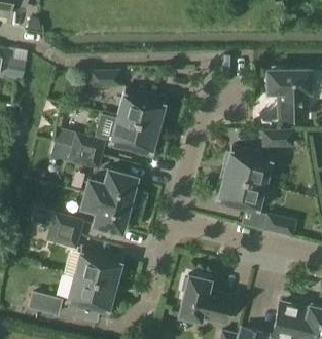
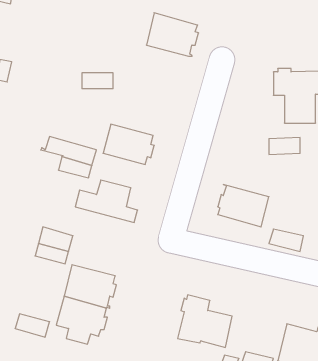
building: [117,89,166,129] -> [146,13,199,56]
building: [221,147,272,186] -> none
building: [80,195,139,233] -> none

